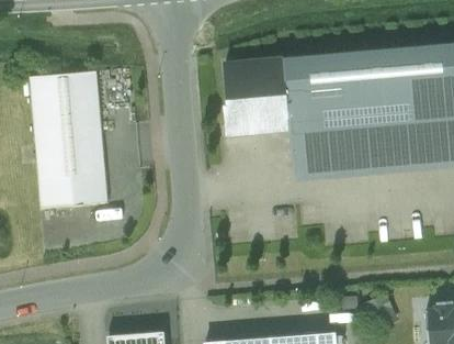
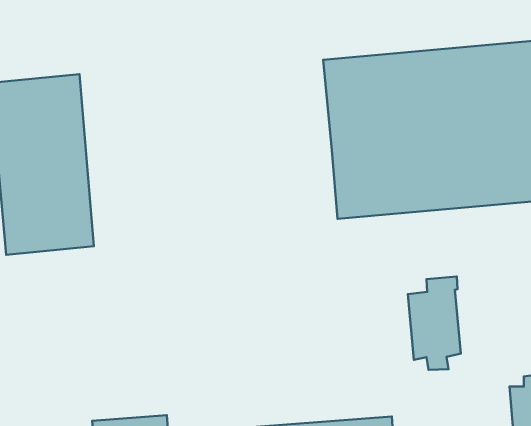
building: [225,58,290,131] -> none
building: none -> [408,276,461,370]

